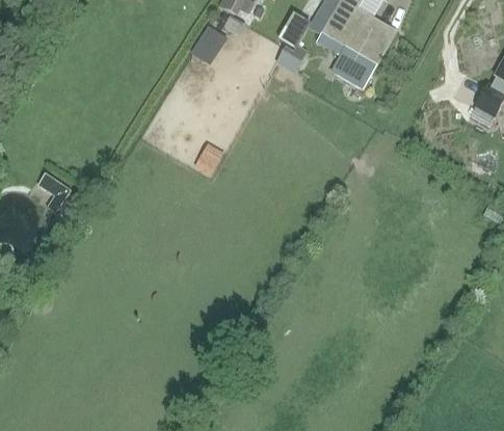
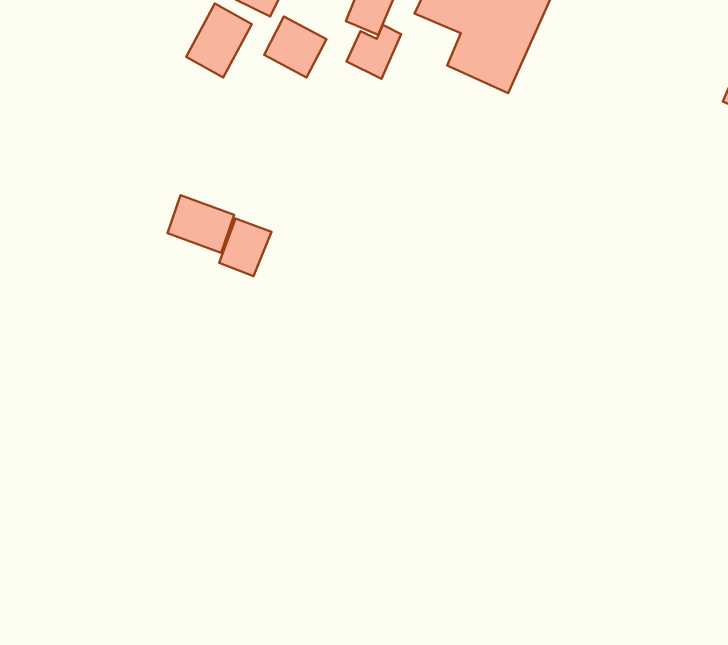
building: none -> [264,16,326,77]
building: none -> [167,195,234,253]

